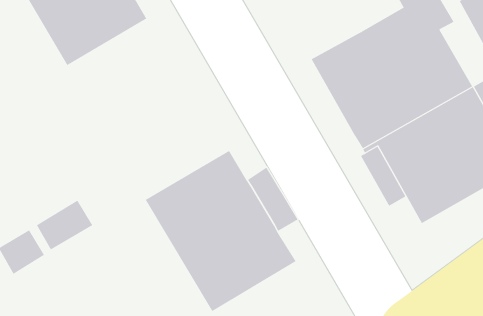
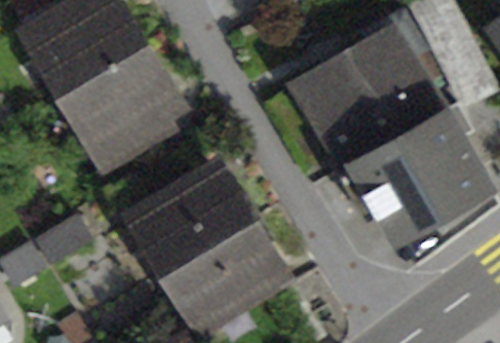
building: none -> [66,46,177,163]

